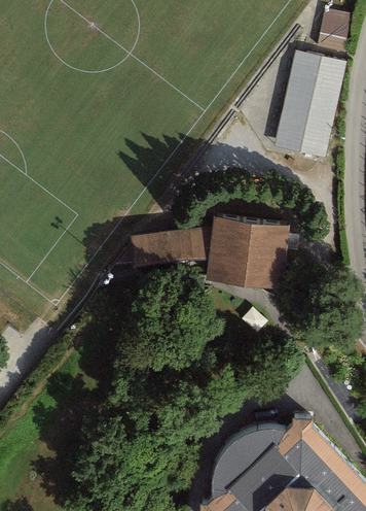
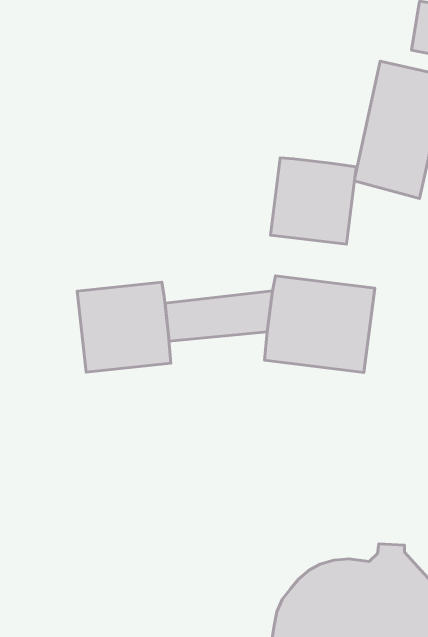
building: none -> [271,158,356,244]
building: none -> [77,282,171,372]

